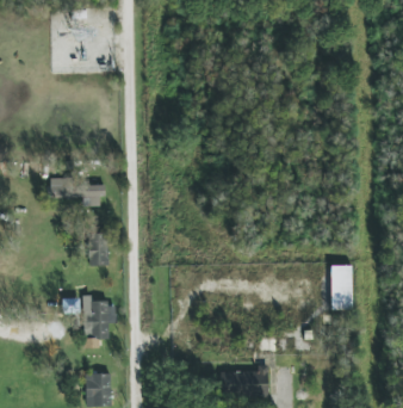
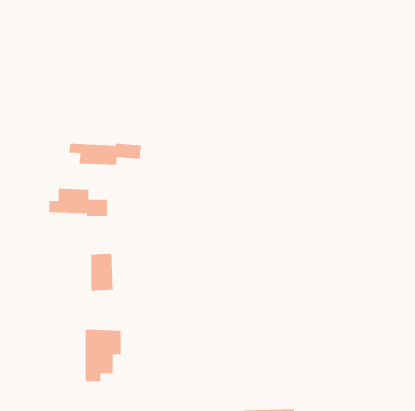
building: none -> [69,143,141,166]
building: [330,265,352,309] -> none

